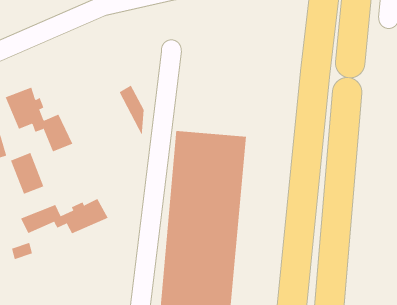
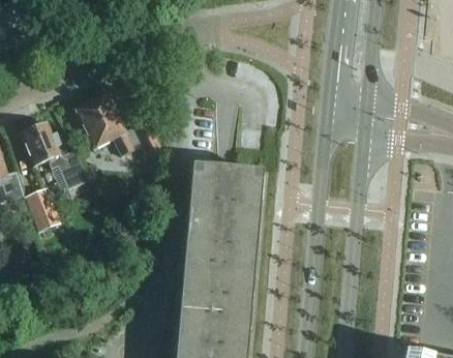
building: none -> [76,94,134,155]
building: [20,198,108,234] -> none

